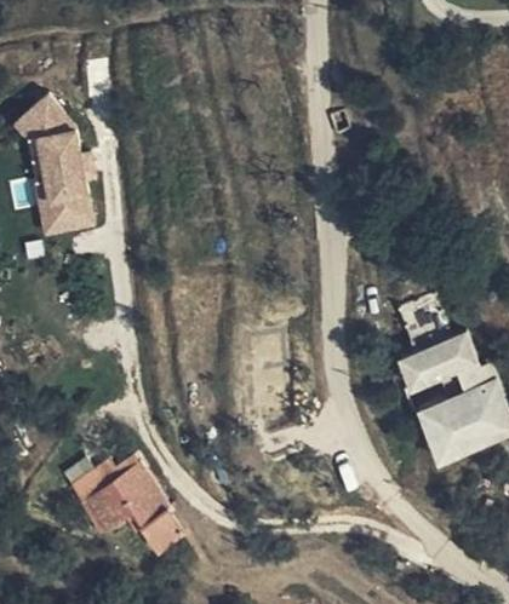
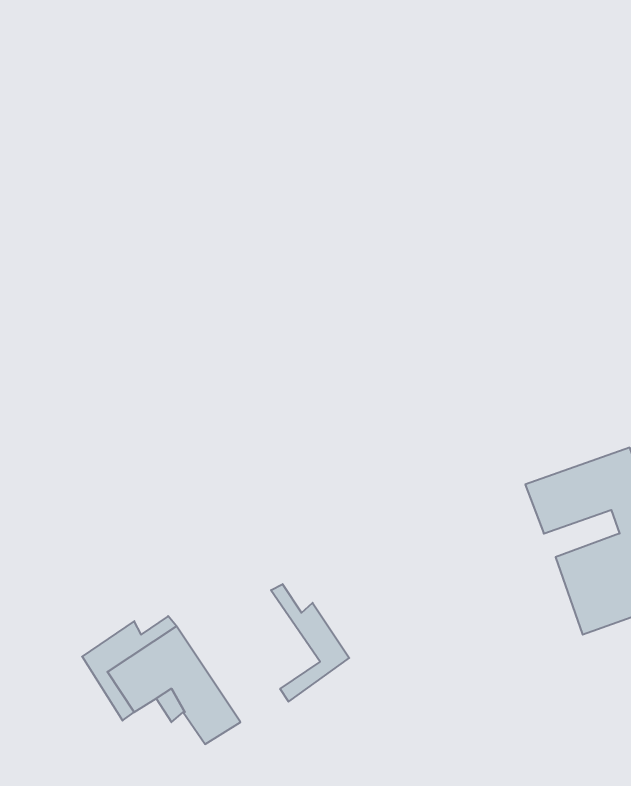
building: [23,99,92,236] -> none
building: none -> [271,584,349,702]

